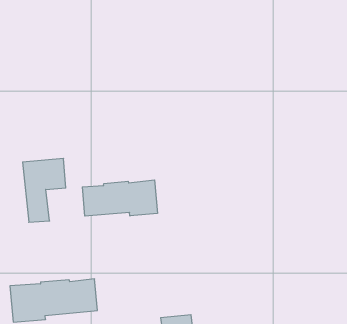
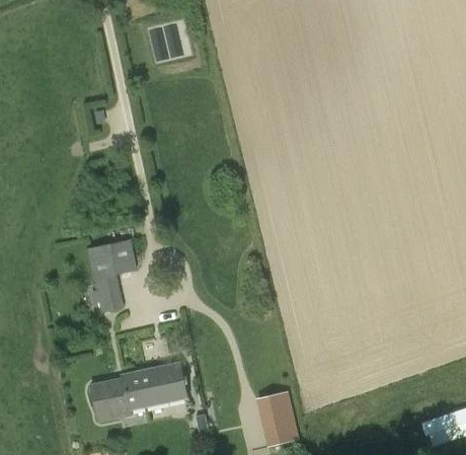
building: [82,180,157,216] -> none

